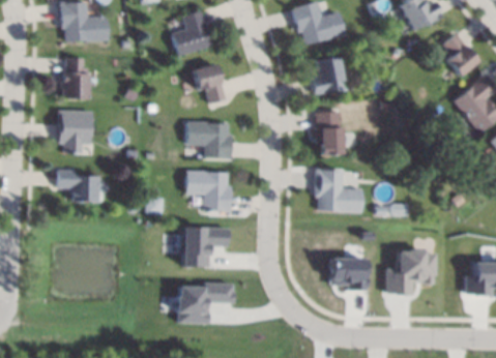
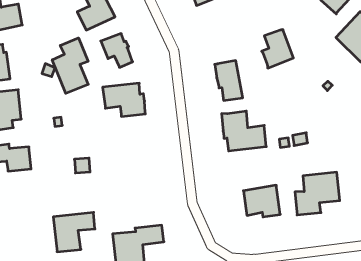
building: [312,57,346,97] -> [262,30,293,68]
building: none -> [52,38,88,93]
building: [187,171,231,211] -> none
building: [181,227,228,267] -> [53,212,95,252]

